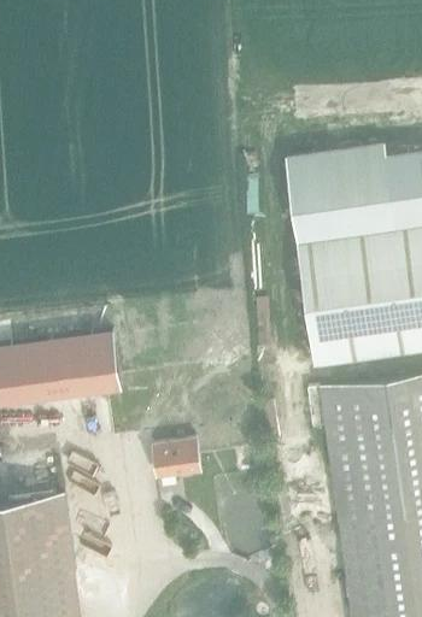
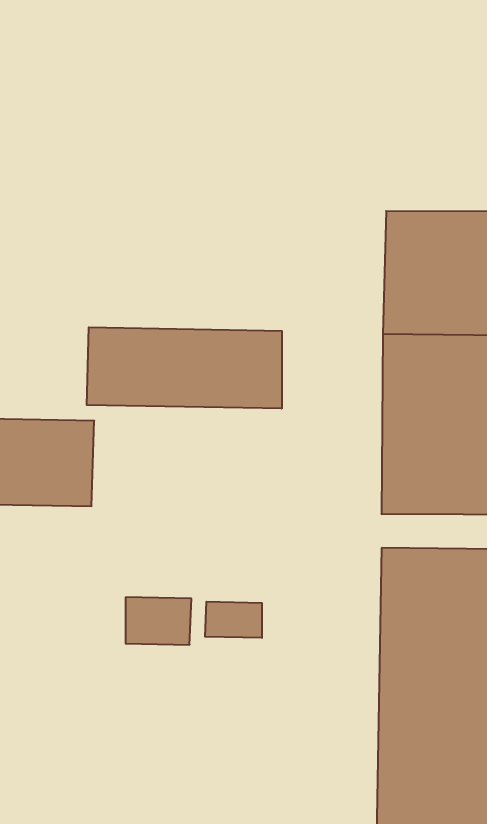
building: none -> [87,327,282,409]
building: none -> [205,602,262,638]

